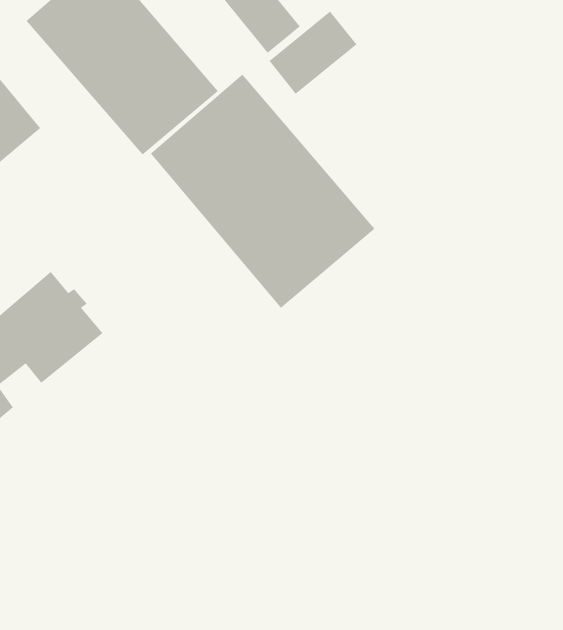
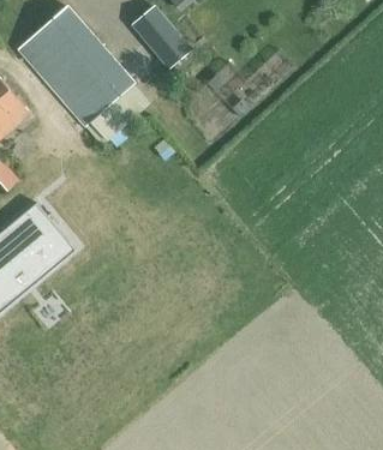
building: [268,11,358,95] -> none
building: [150,73,376,309] -> none

